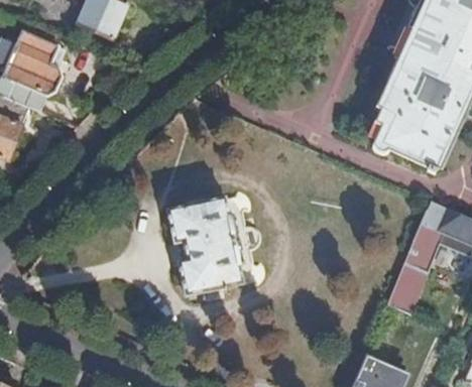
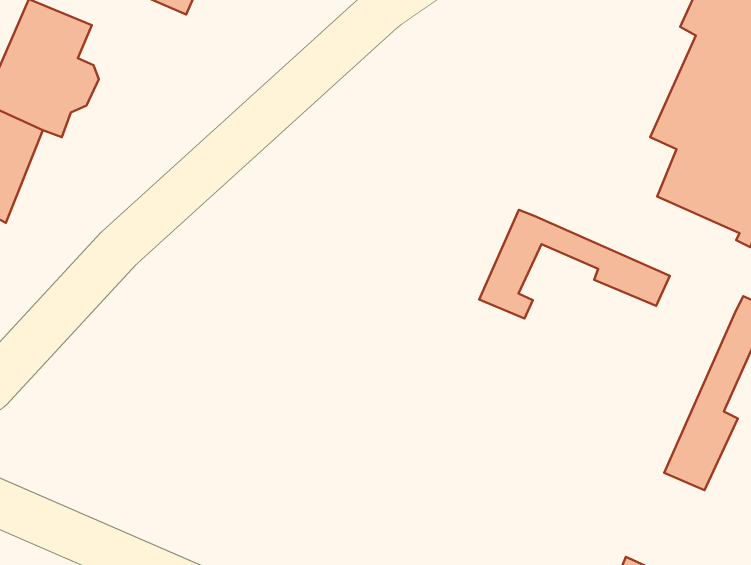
building: none -> [479,210,670,319]
building: [167,198,260,294] -> none

